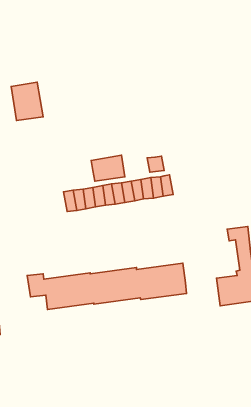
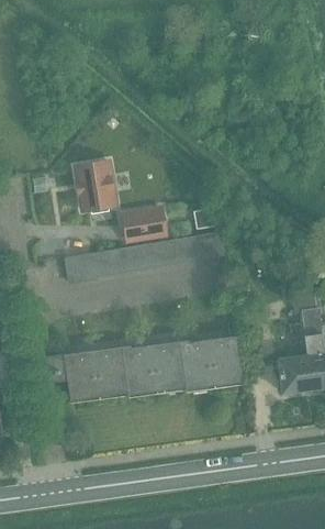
building: [11,82,43,120] -> [76,161,115,208]
building: none -> [64,252,93,280]

